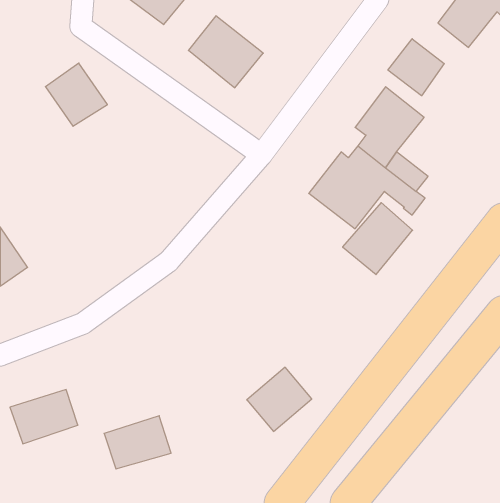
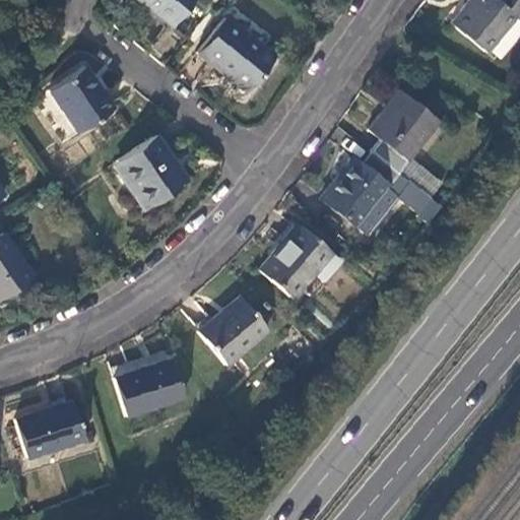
building: [388,39,444,96] -> none
building: none -> [119,134,188,208]
building: [343,203,413,275] -> [259,223,331,298]
building: [247,367,312,431] -> [199,299,266,365]
building: [104,416,171,469] -> [112,361,181,415]

